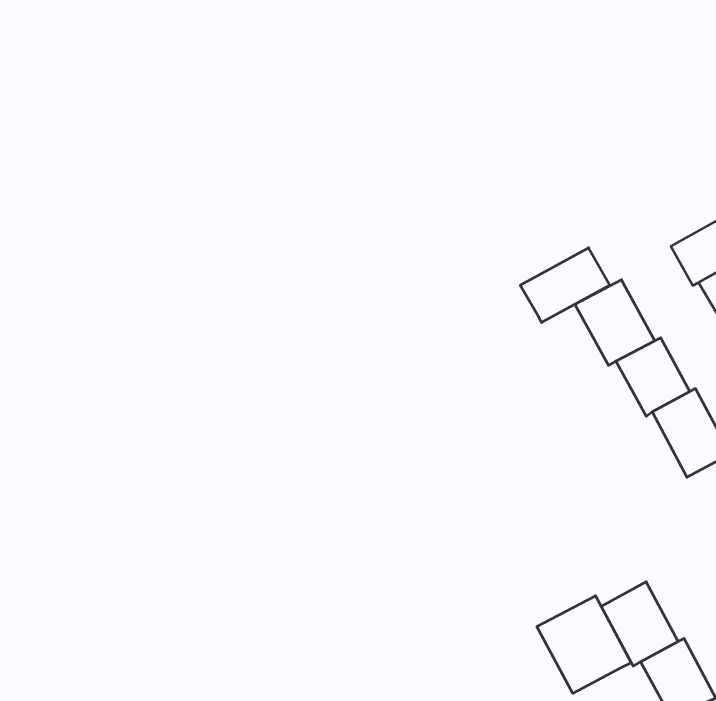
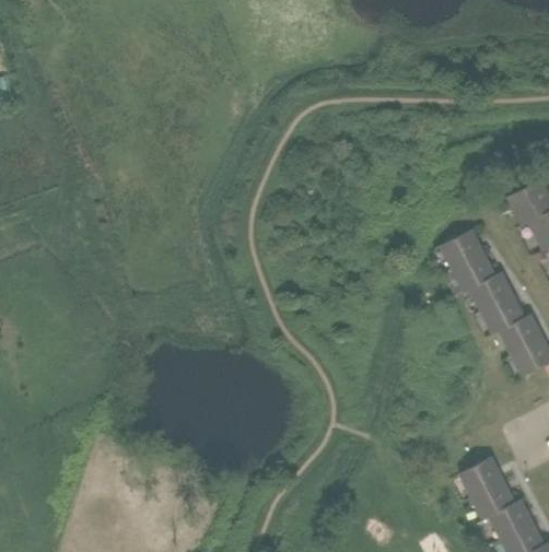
building: [520,248,610,323] -> none
building: [537,596,631,693] -> none

